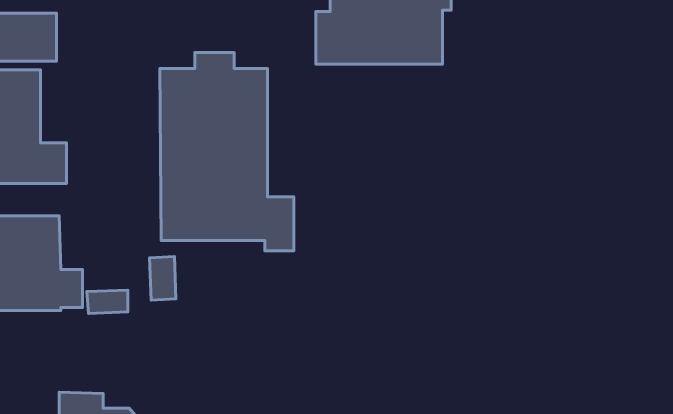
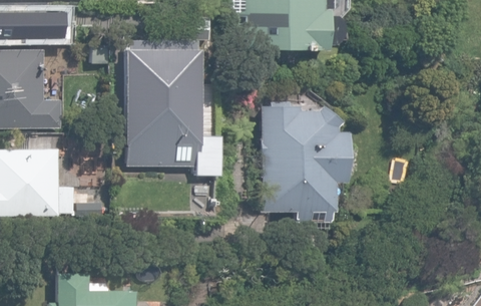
building: none -> [263,100,342,221]

